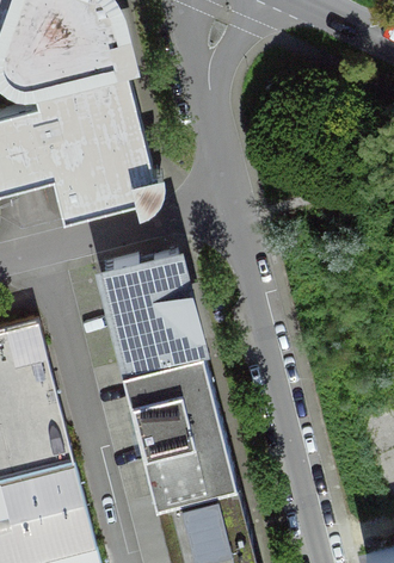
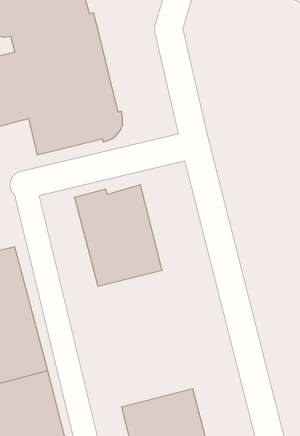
building: [123,352,238,505] -> none

